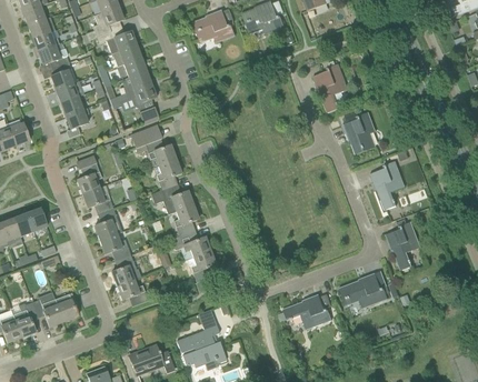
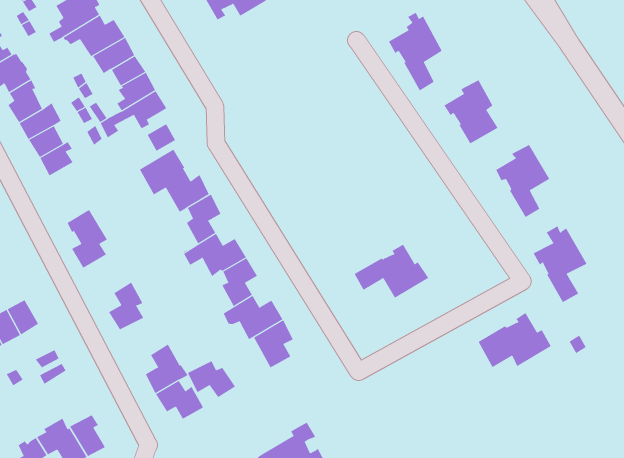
building: [82,187,113,213] -> none
building: [100,233,131,259] -> [187,361,236,398]
building: [282,293,332,329] -> [354,244,429,299]

